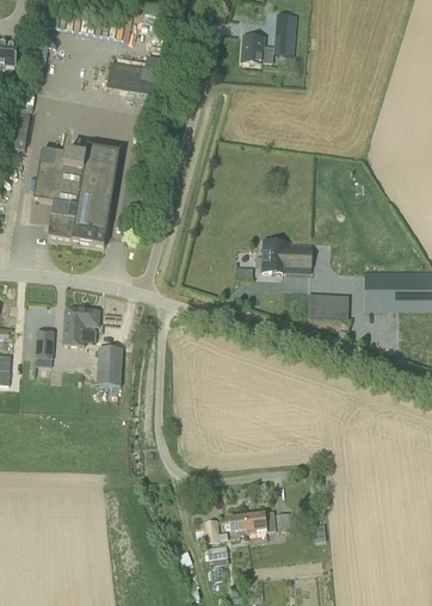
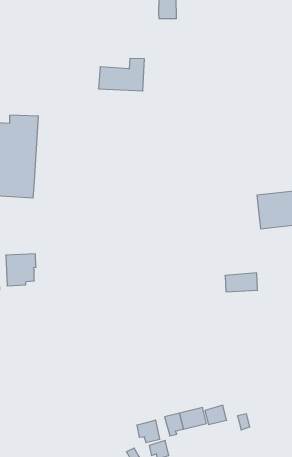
building: [241,35,273,62] -> none
building: [106,56,163,95] -> [98,58,144,91]
building: [261,240,311,272] -> none
building: [308,296,346,317] -> [225,273,258,292]
building: [95,346,123,385] -> none

